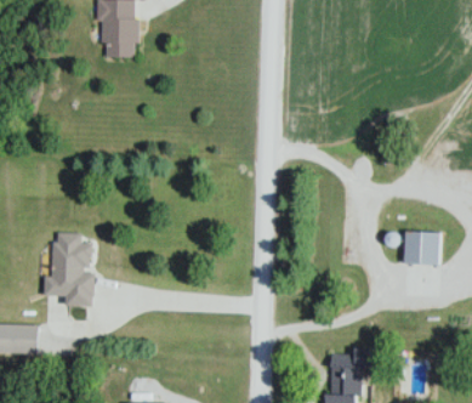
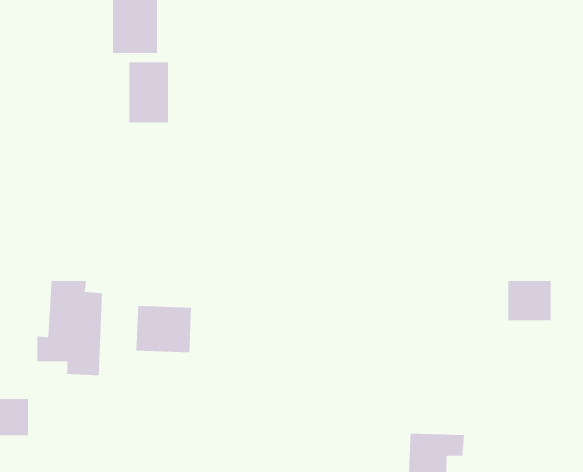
building: none -> [128,62,169,123]
building: none -> [136,305,192,353]

